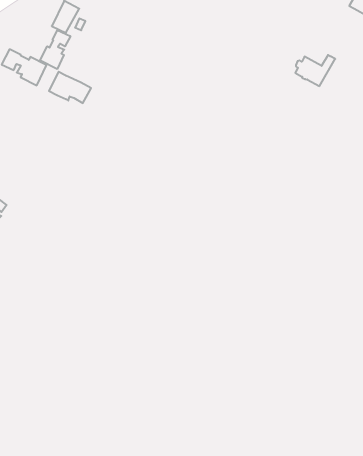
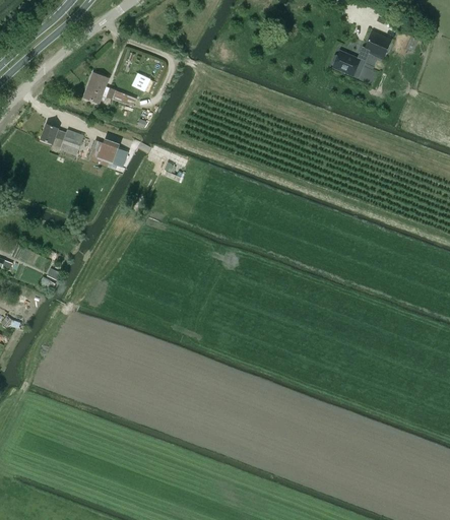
building: [40,30,70,69] -> none
building: [295,55,335,86] -> [333,47,370,77]

